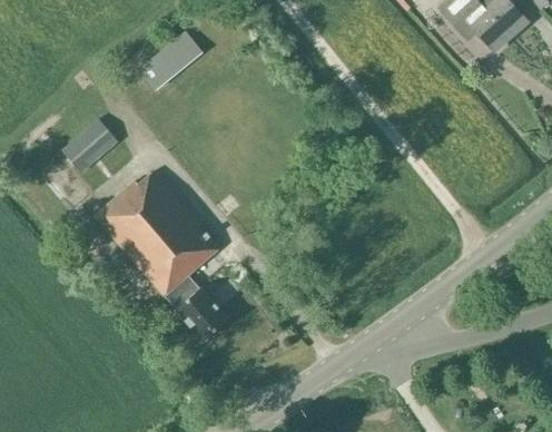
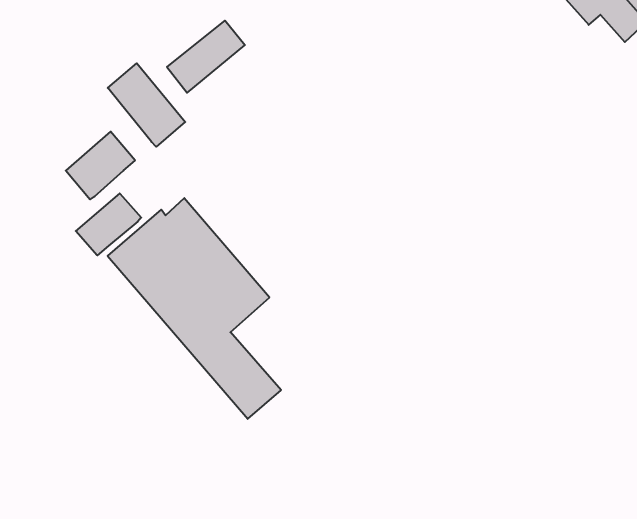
building: none -> [108,63,185,147]
building: none -> [76,193,141,255]

